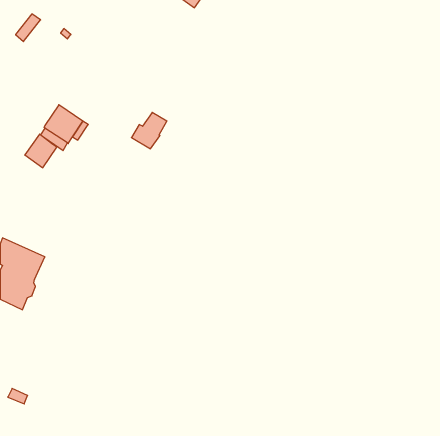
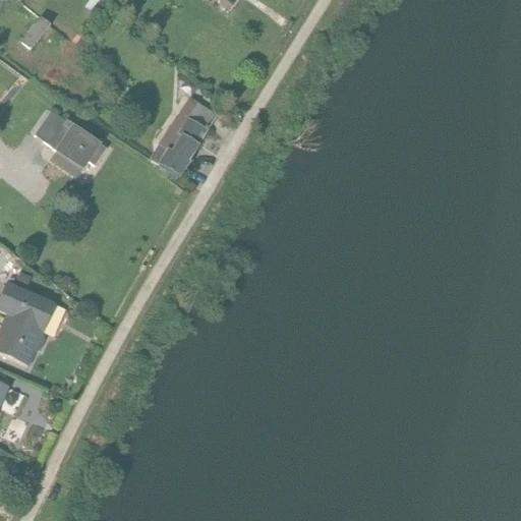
building: none -> [150,95,216,162]
building: [25,134,57,168] -> [34,108,71,148]

